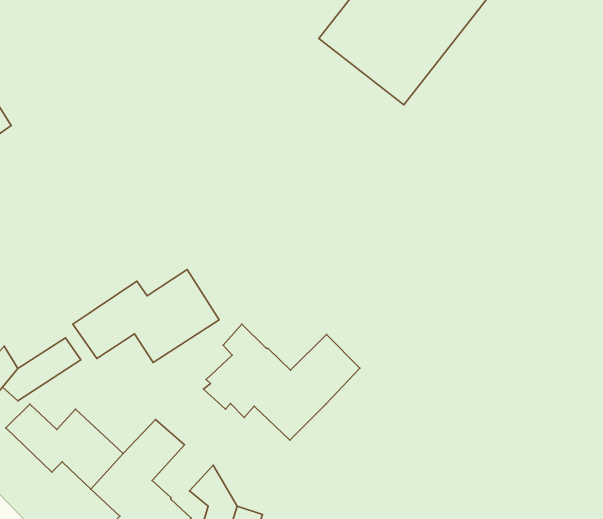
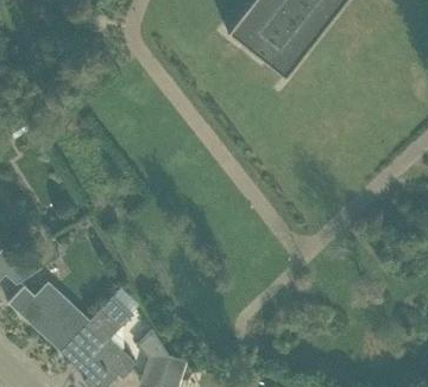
building: [73,269,219,363] -> none
building: [204,324,360,440] -> none

